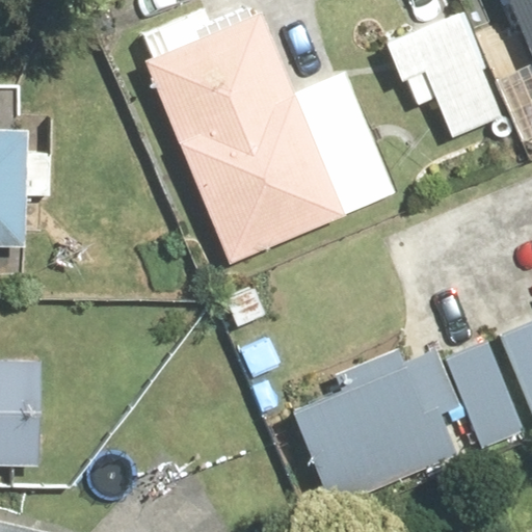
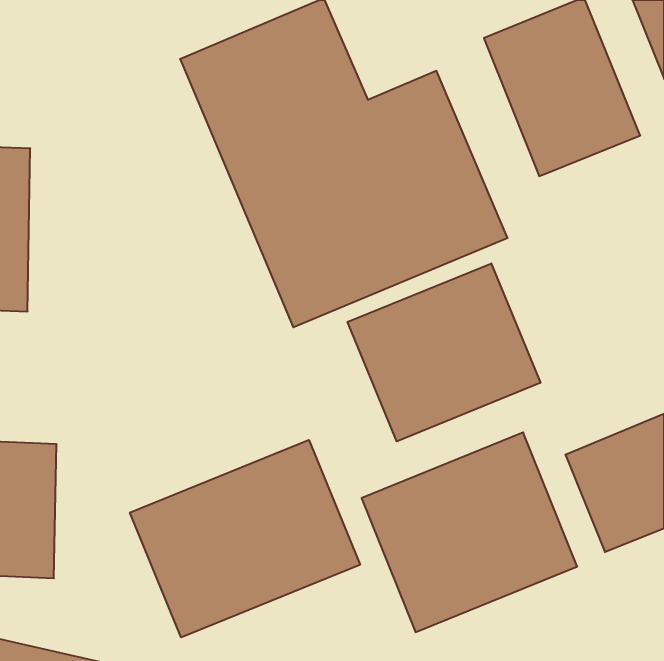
building: none -> [348,263,540,441]
building: none -> [130,440,360,637]

